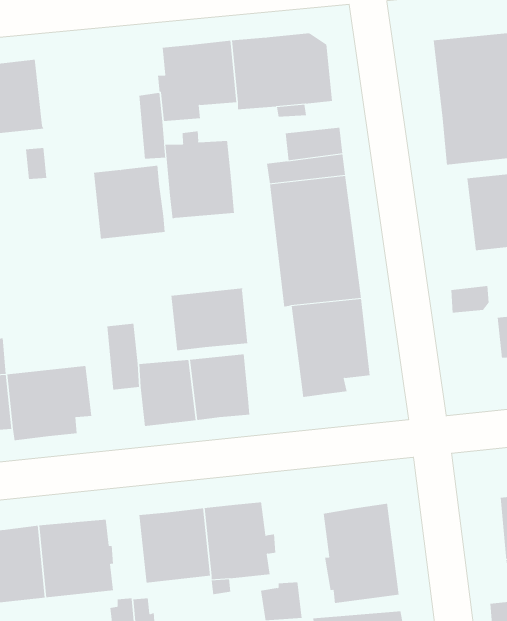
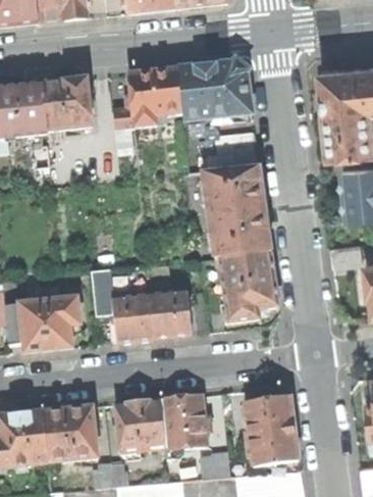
building: [165,131,234,219] -> none
building: [93,165,166,239] -> [41,79,92,131]
building: [171,288,248,351] -> none

